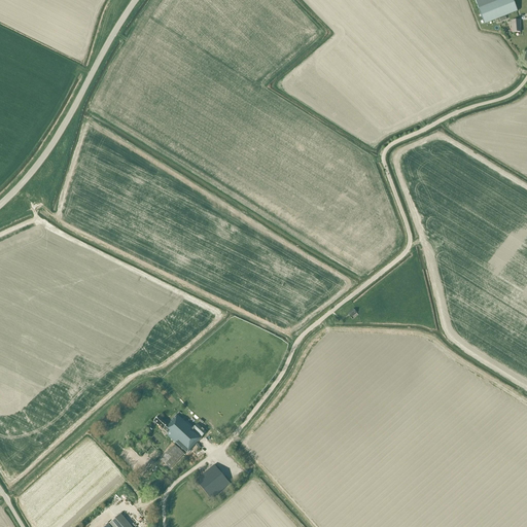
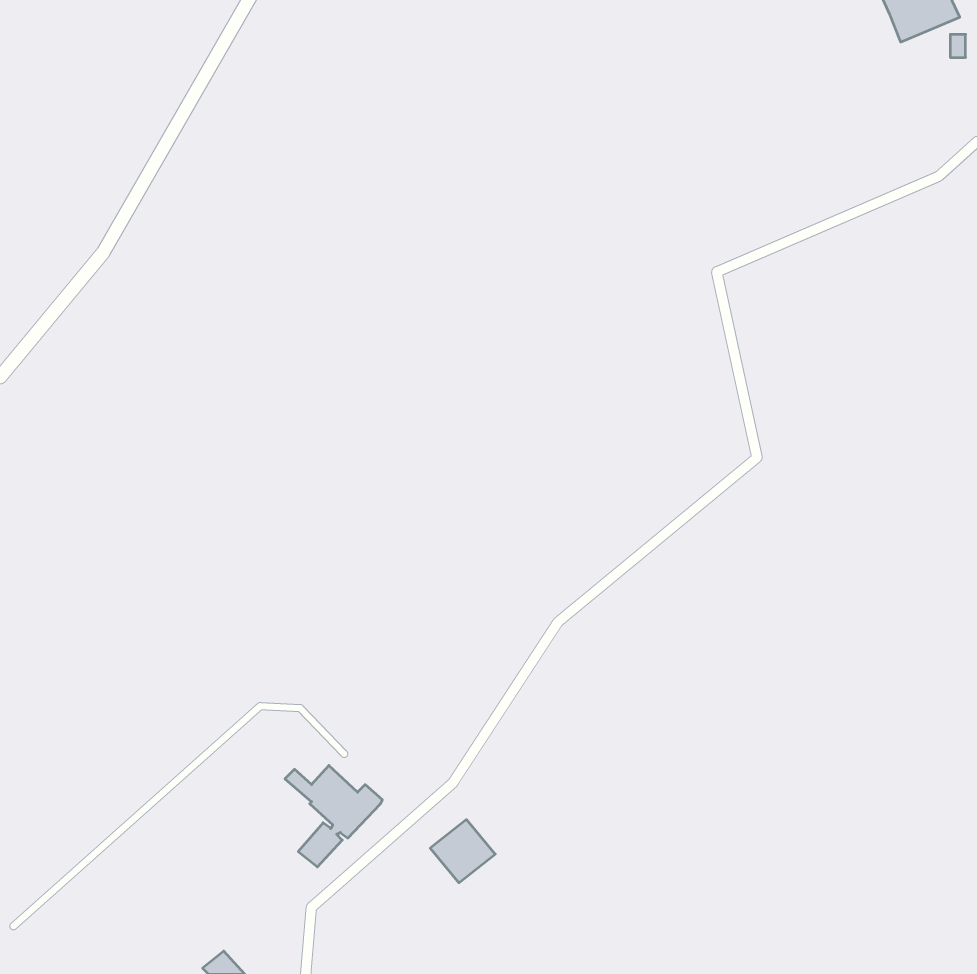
building: [196,463,231,497] -> [430,820,495,883]

